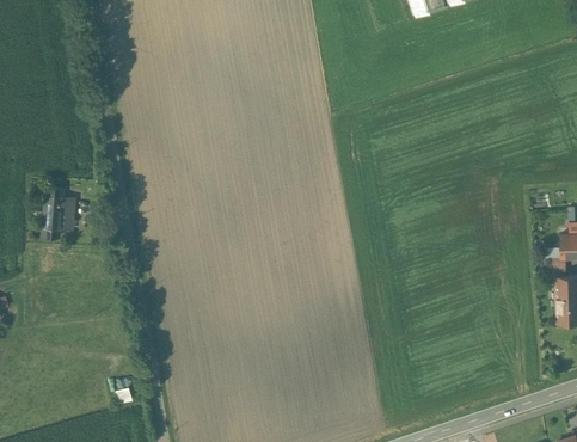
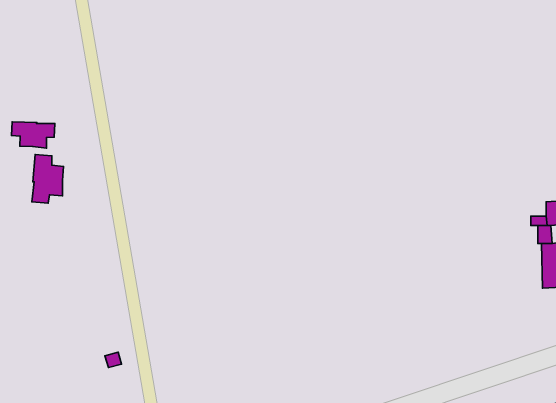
building: none -> [12,122,55,148]

